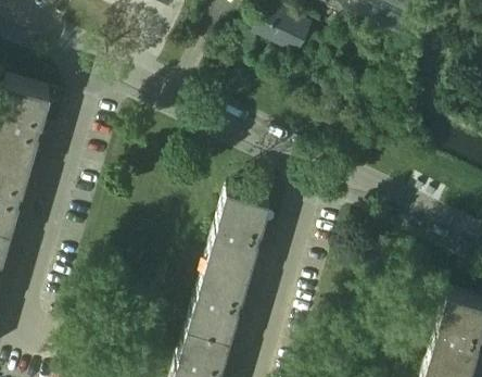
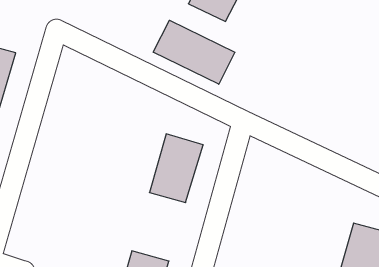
building: none -> [153,20,235,84]
building: [189,254,252,335] -> none

